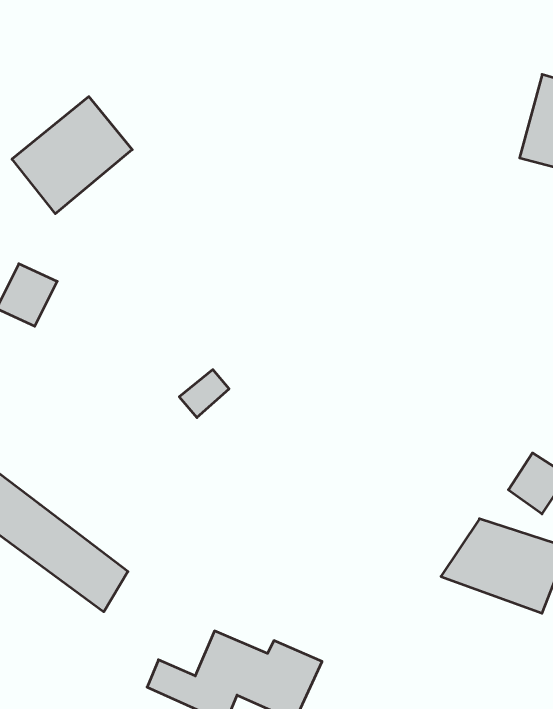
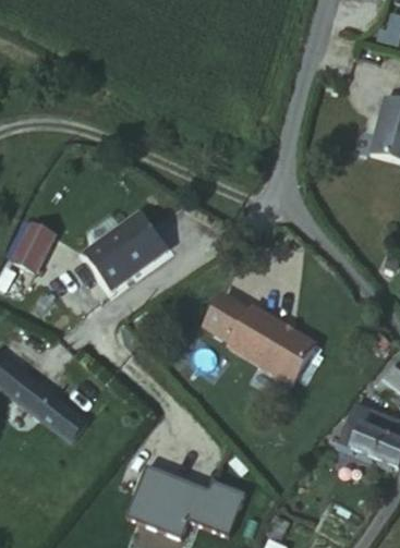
building: [12,97,132,214] -> [88,208,170,288]
building: none -> [208,294,315,385]
building: none -> [128,468,166,510]

